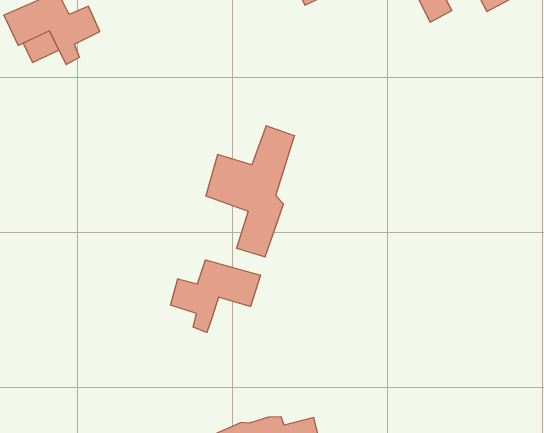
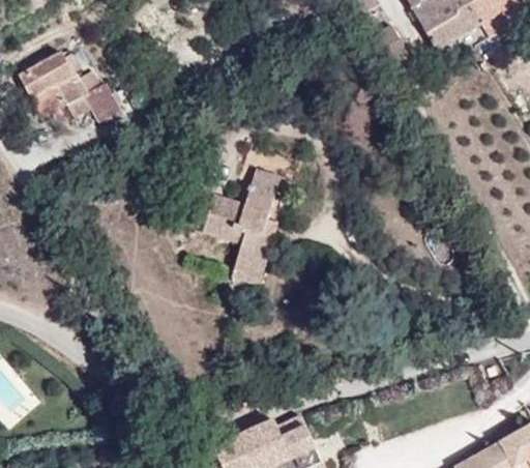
building: none -> [78,89,118,124]
building: [170,260,260,332] -> none

